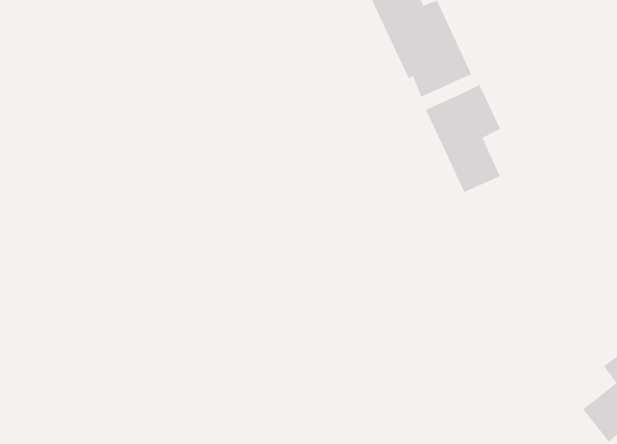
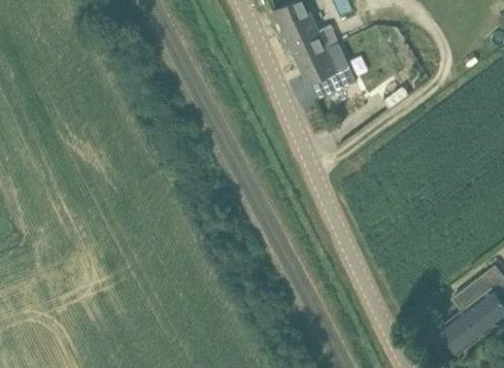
building: [425,84,501,193] -> none

